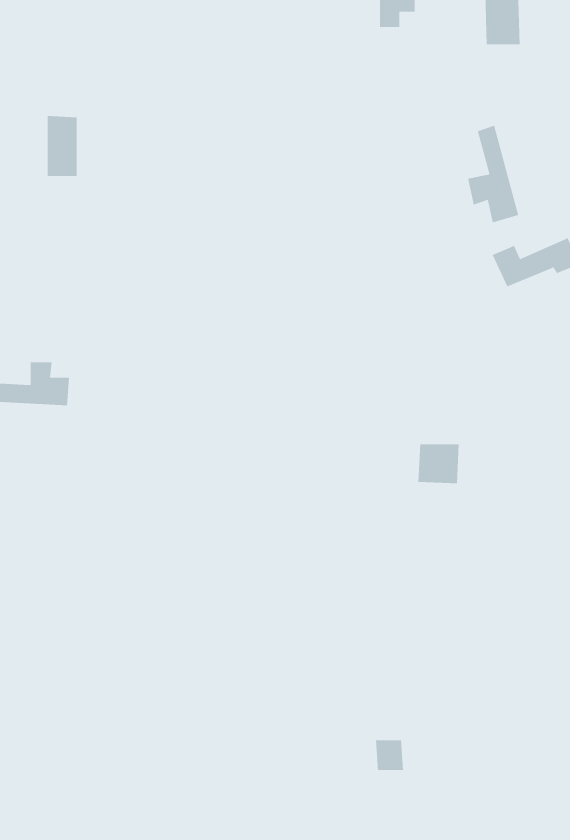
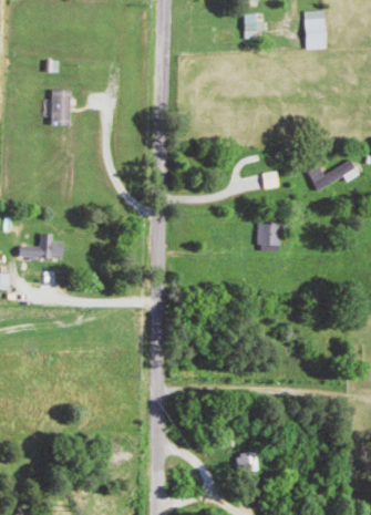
building: [467,125,519,223] -> none
building: [418,444,460,484] -> [257,223,281,246]

